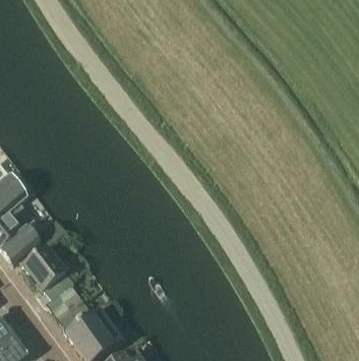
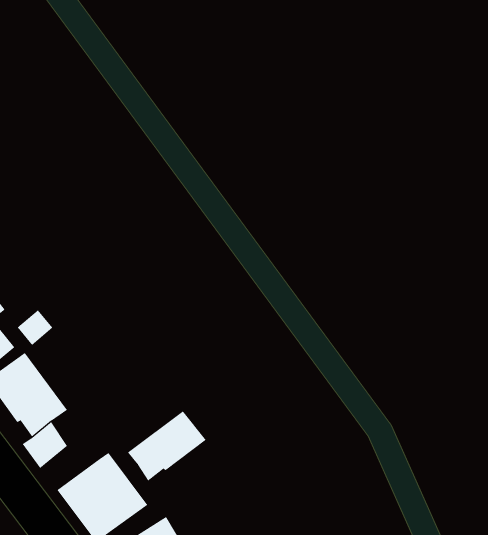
building: none -> [127,411,206,481]

